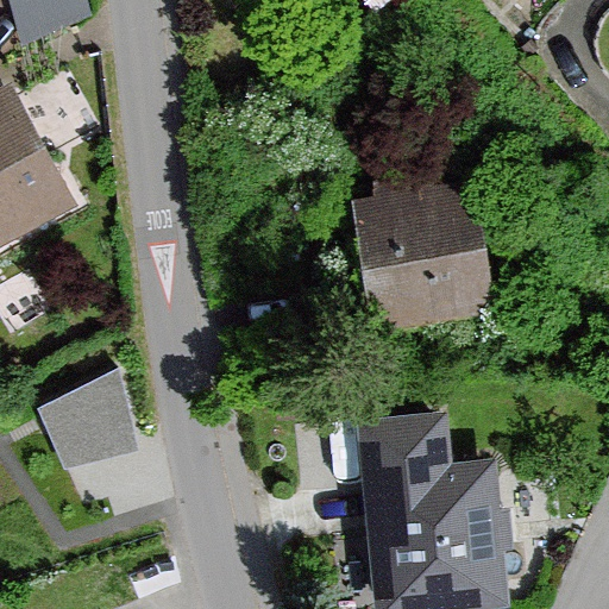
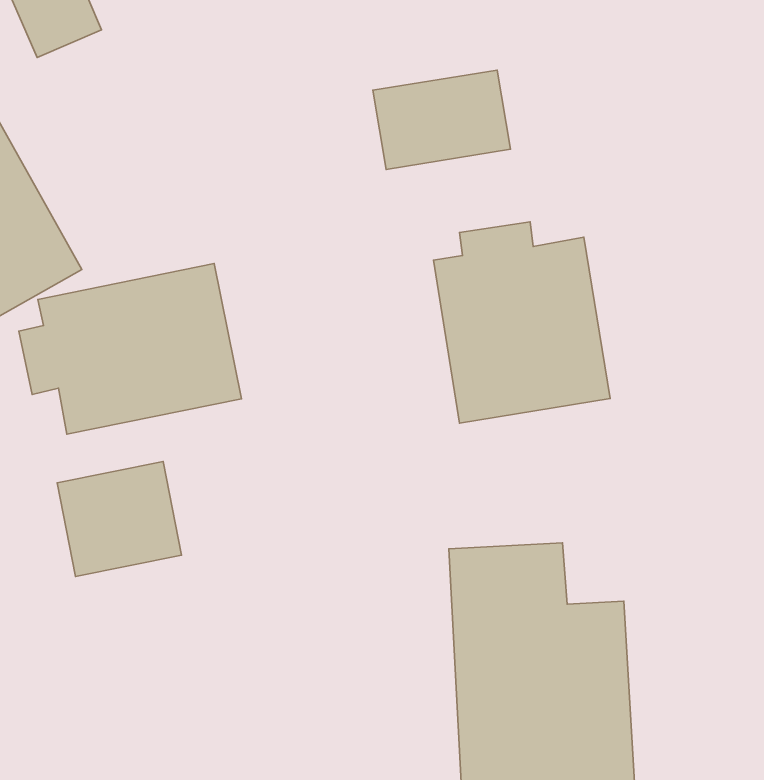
building: none -> [373,70,511,169]
building: none -> [19,263,241,434]

